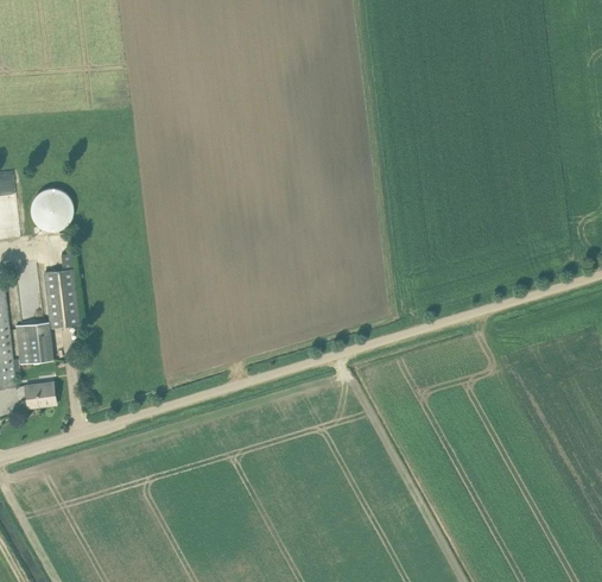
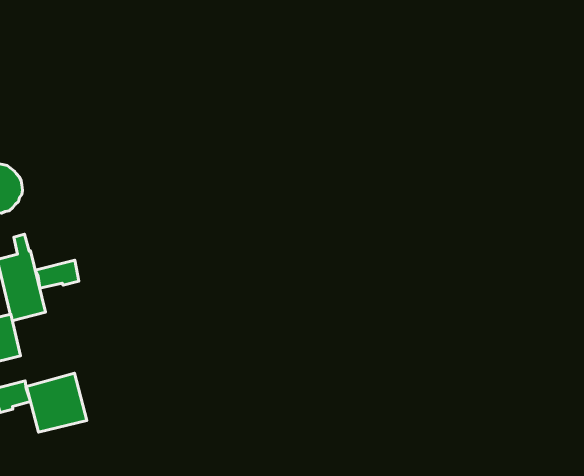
building: none -> [35,260,79,288]
building: none -> [27,373,87,432]

